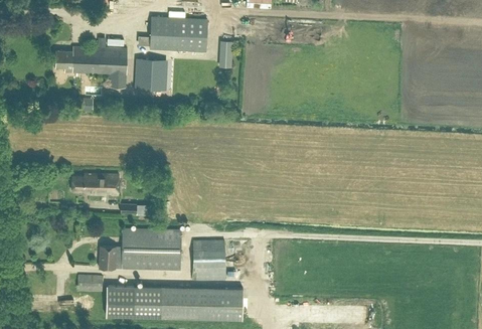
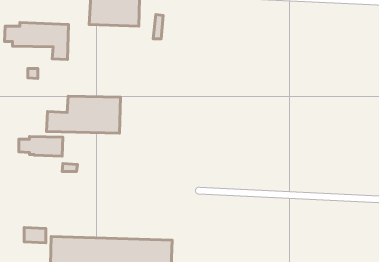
building: [135,59,162,90] -> none
building: [99,229,181,271] -> [47,96,120,133]
building: [191,241,225,281] -> none

